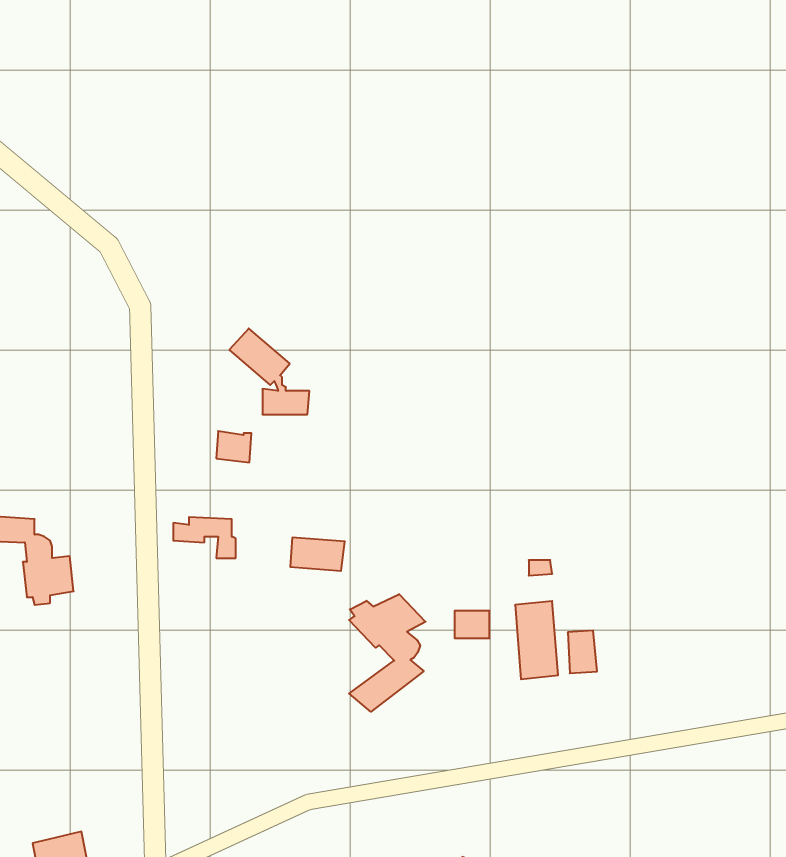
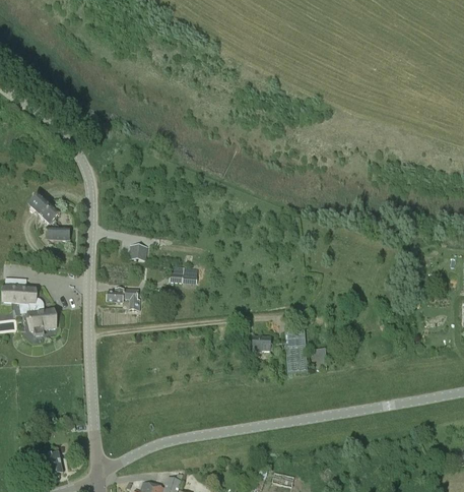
building: [229,328,309,414] -> [28,195,70,240]
building: [290,538,345,571] -> [170,266,198,284]
building: [349,594,426,712] -> none

